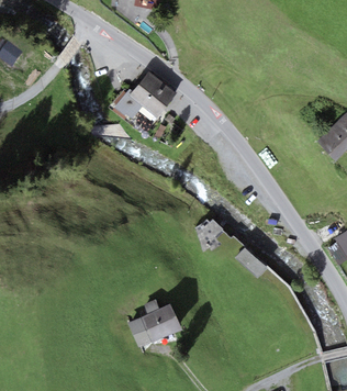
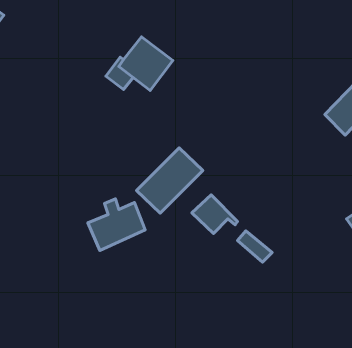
building: none -> [137,148,203,213]
building: [128,301,181,348] -> [88,199,145,250]

